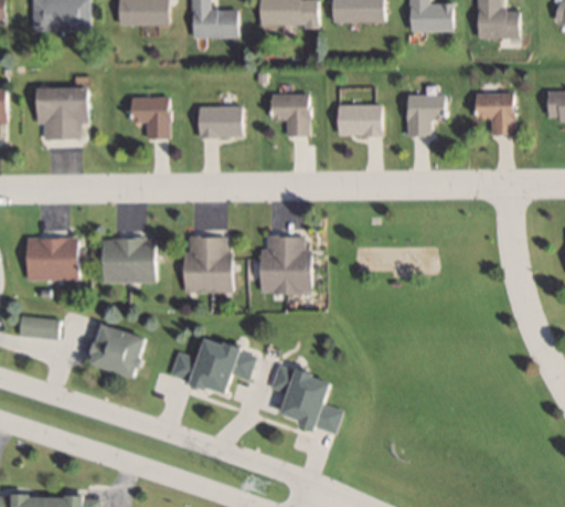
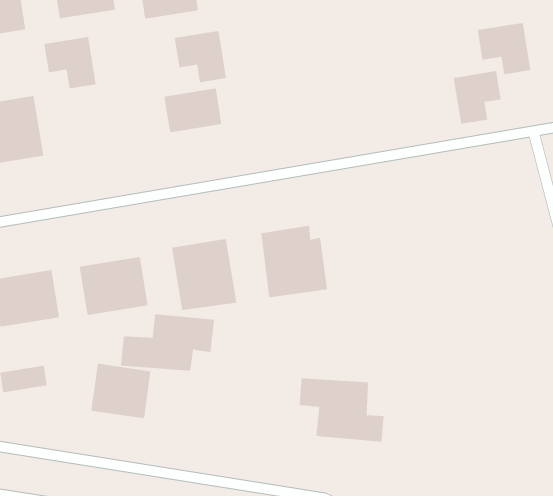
building: [269,95,309,137] -> [174,30,227,83]
building: [406,95,445,136] -> [453,71,502,124]
building: [129,97,169,139] -> [43,36,97,89]
building: [337,105,382,136] -> none
building: [168,339,255,393] -> [120,314,215,371]

